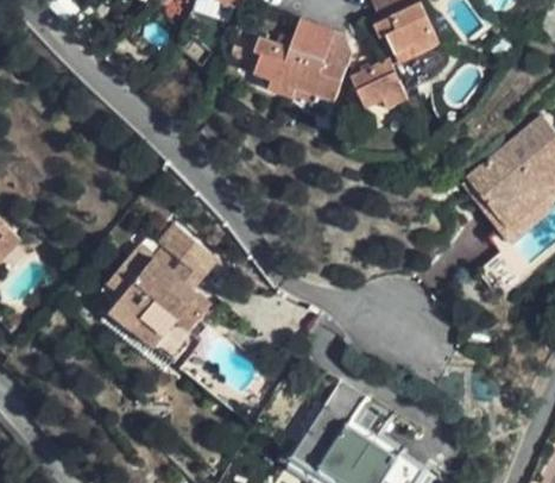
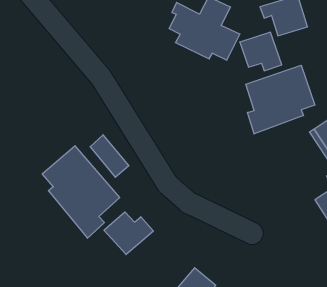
building: none -> [246,65,315,134]
building: none -> [104,212,153,255]

